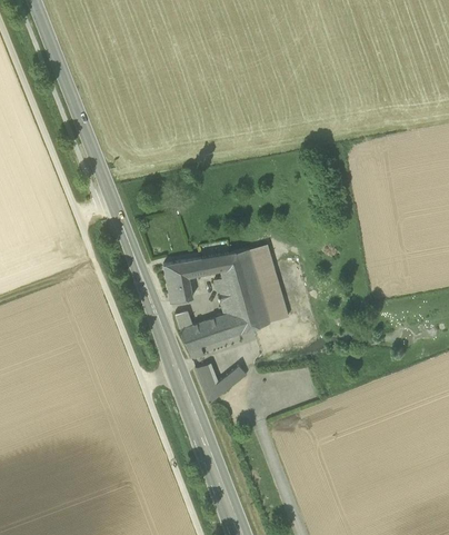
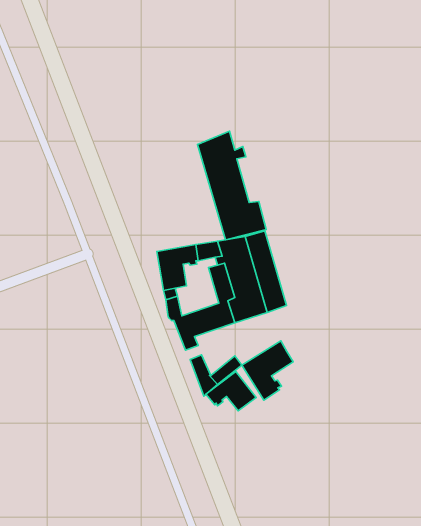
building: none -> [198,131,266,240]
building: none -> [242,341,293,400]
building: none -> [206,371,256,411]

